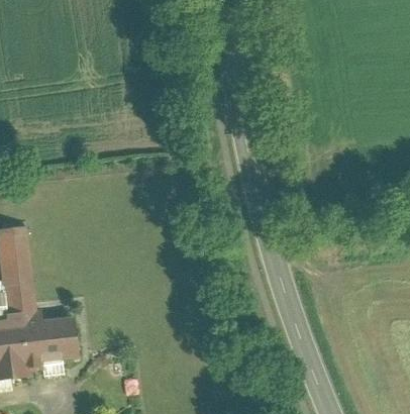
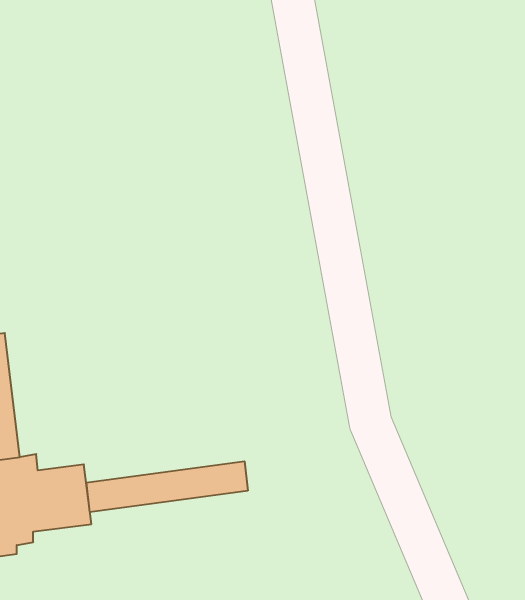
building: none -> [87,461,248,512]

